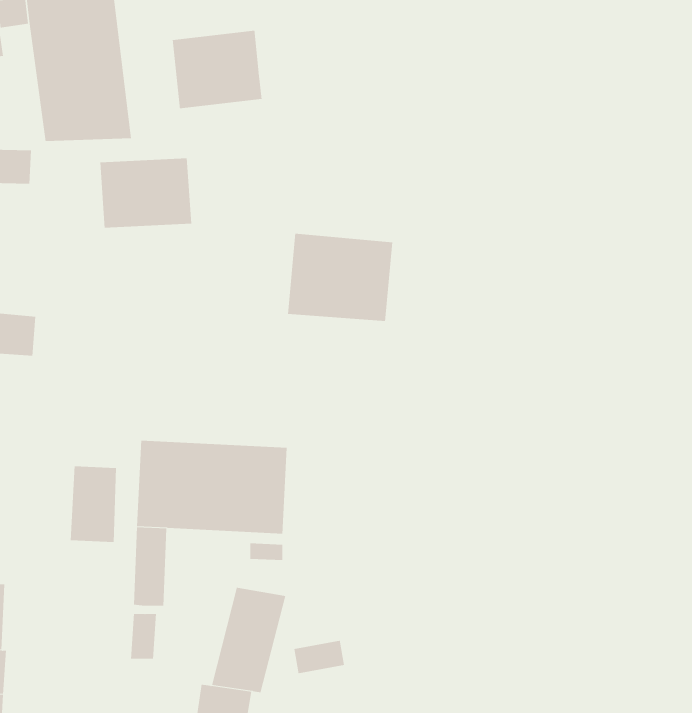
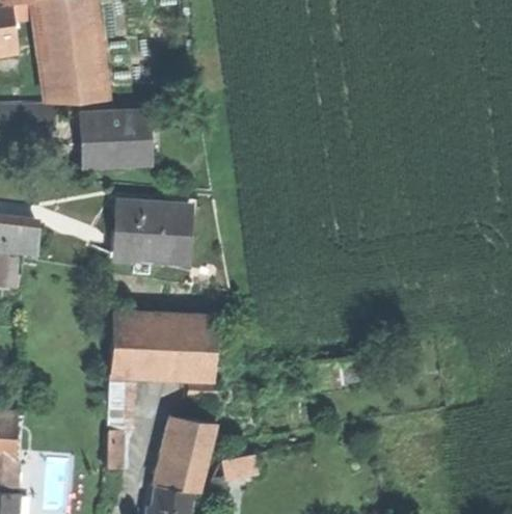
building: [172,30,262,109] -> none
building: [287,233,393,322] -> [117,200,192,263]
building: [70,465,117,543] -> none

